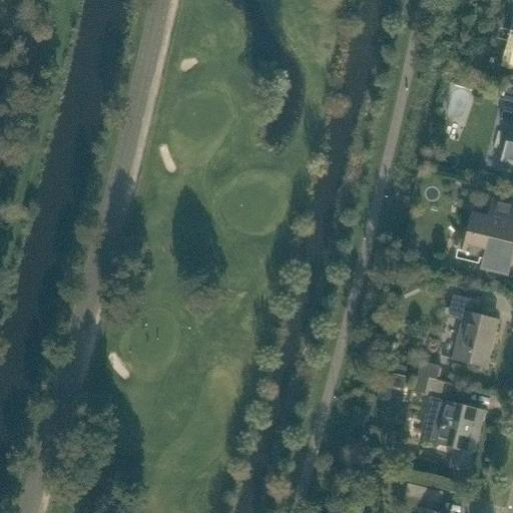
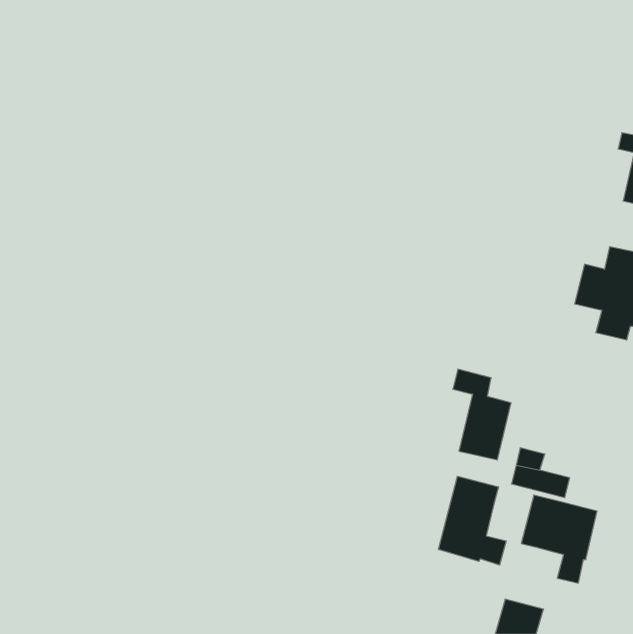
building: [450,294,497,367] -> [453,369,511,460]
building: none -> [439,476,506,565]

